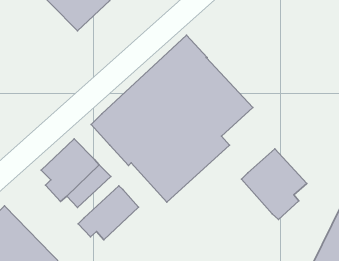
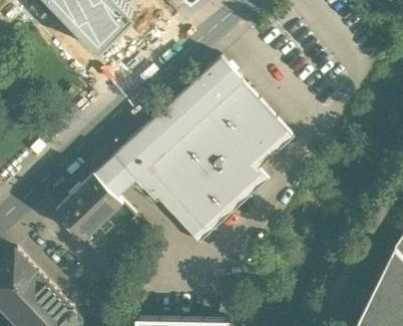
building: none -> [94,157,134,197]
building: [242,149,307,220] -> none
building: [78,186,138,240] -> none

